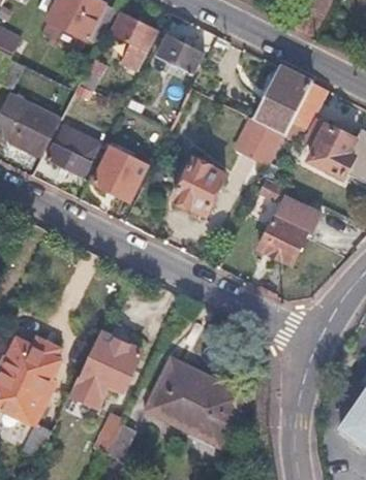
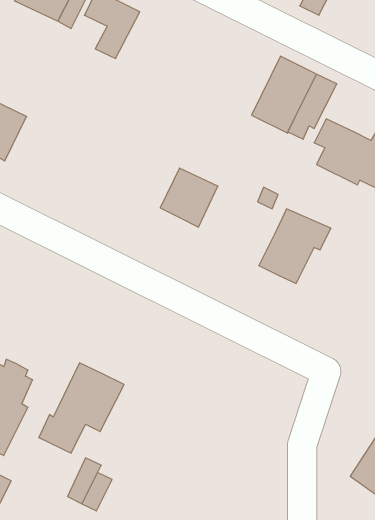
building: [156,34,201,73] -> none
building: [238,117,284,163] -> none
building: [45,127,100,178] -> none
building: [92,147,146,201] -> none
building: [147,355,239,437] -> none

